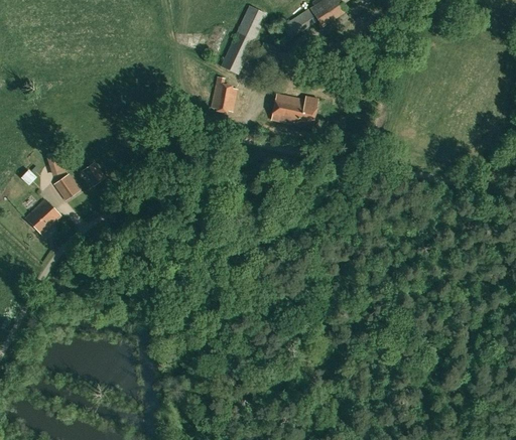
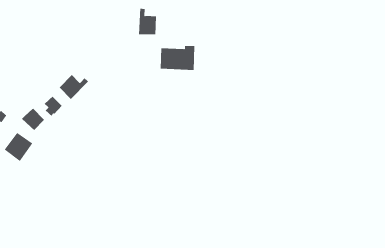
building: [272,95,319,129] -> [160,45,195,71]
building: none -> [59,74,89,100]

